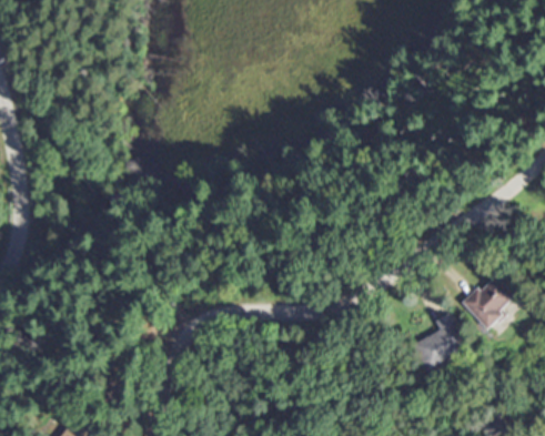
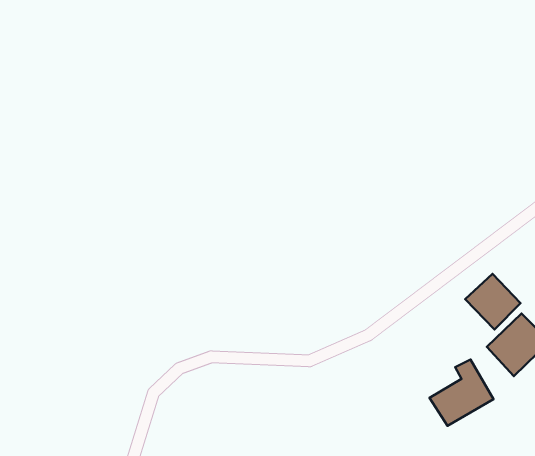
building: none -> [465,274,521,330]

